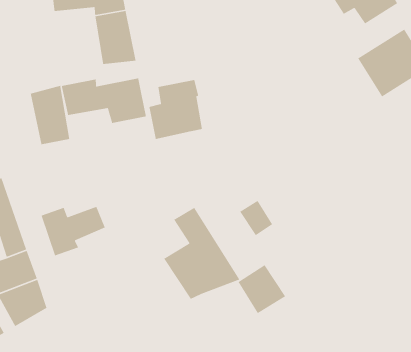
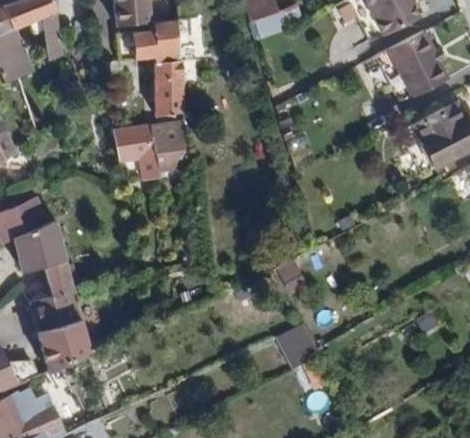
building: [149,79,203,140] -> none
building: [30,85,70,145] -> none
building: [41,206,106,256] -> none
building: [163,207,241,300] -> none

